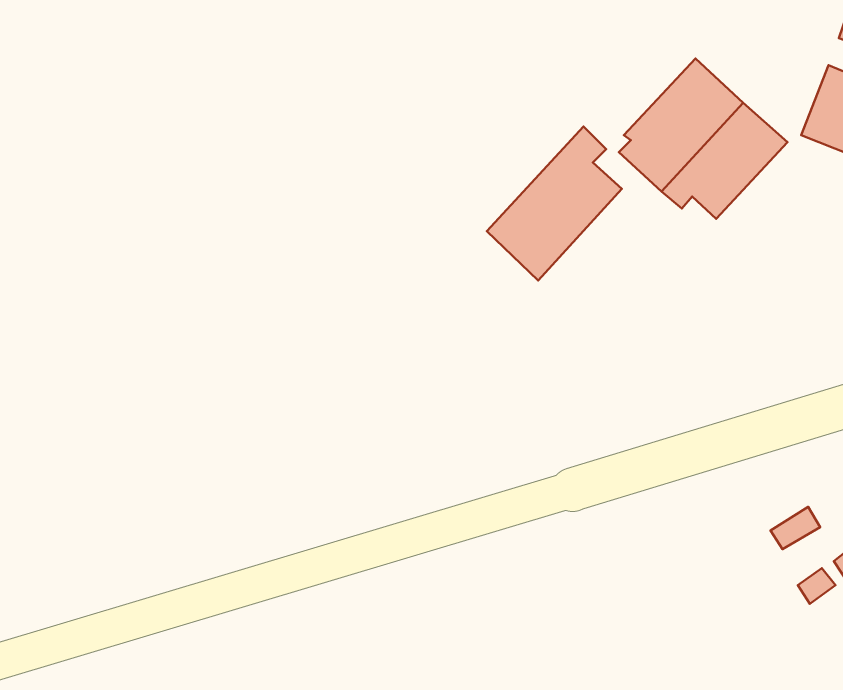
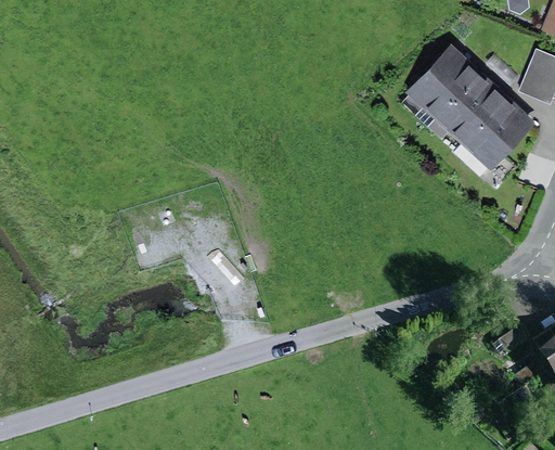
building: [487,126,622,281] -> none
building: none -> [464,97,537,170]

